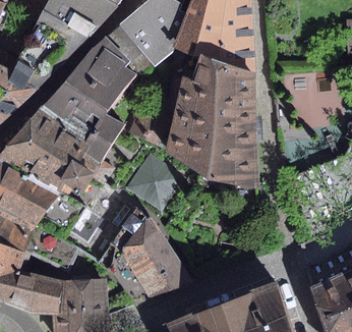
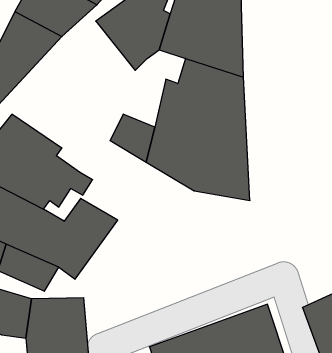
building: [39,37,137,161] -> none
building: [125,153,183,211] -> none
building: [98,206,192,303] -> none

